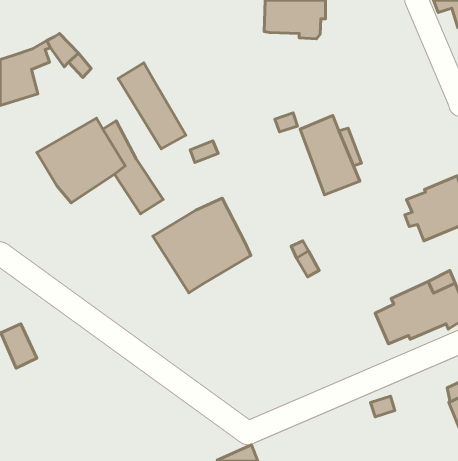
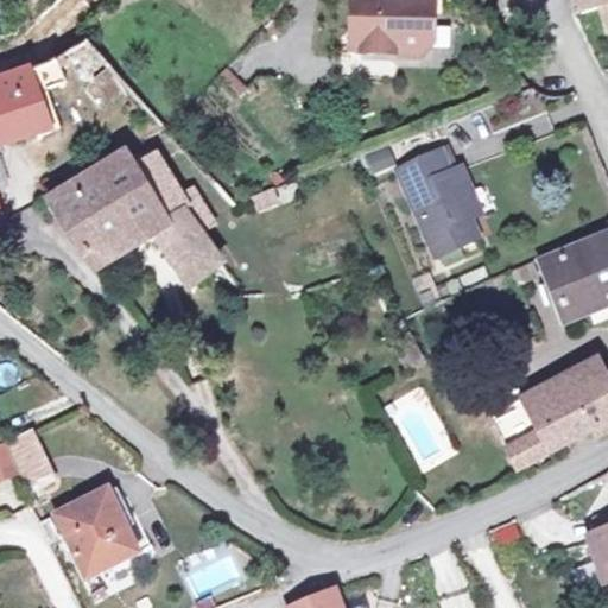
building: [118,63,186,149] -> none
building: [153,198,251,293] -> none
building: none -> [55,487,138,574]

